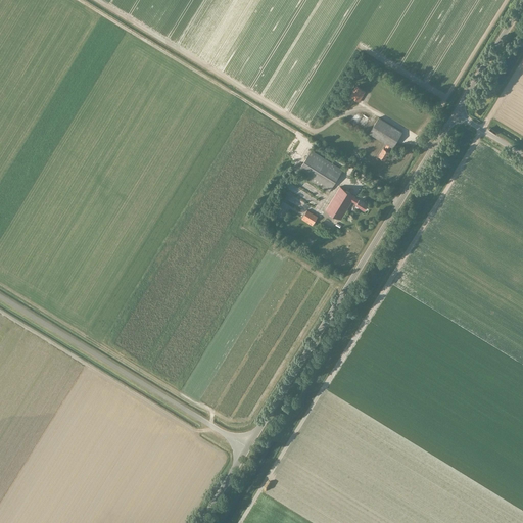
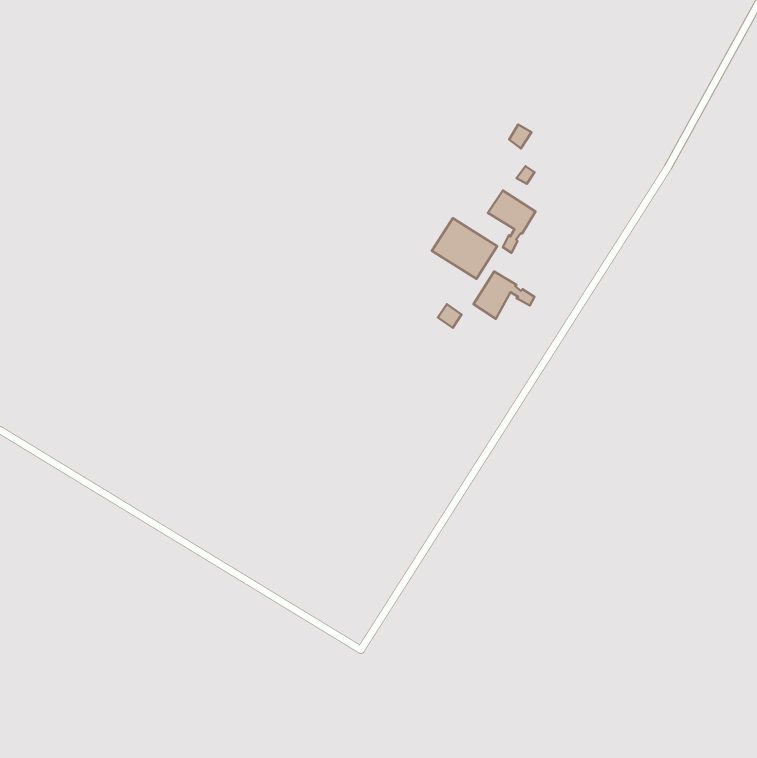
building: [370,117,402,160] -> [488,191,535,253]

